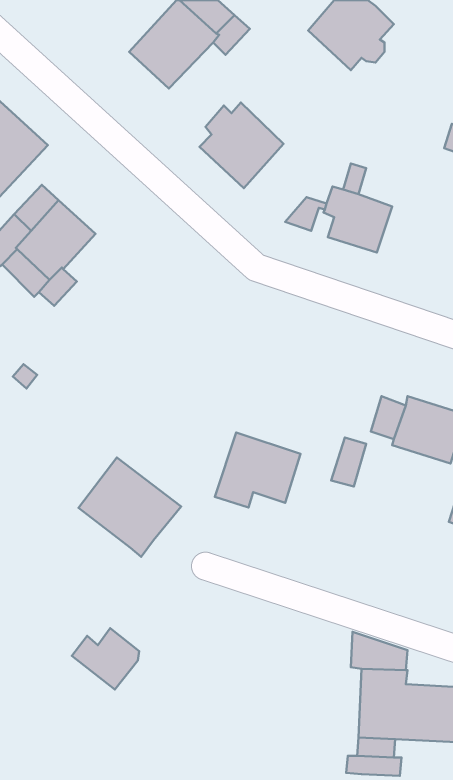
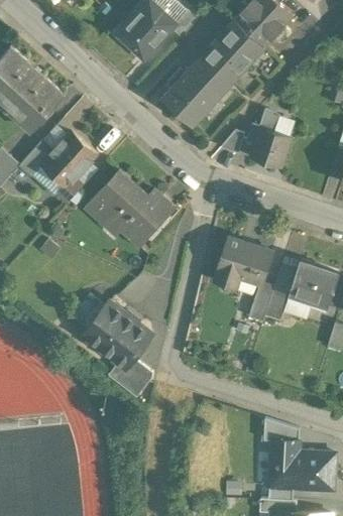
building: none -> [191,21,263,96]
building: none -> [86,170,174,245]
building: [215,432,300,507] -> [216,238,272,287]
building: [72,628,139,690] -> [108,357,152,397]

